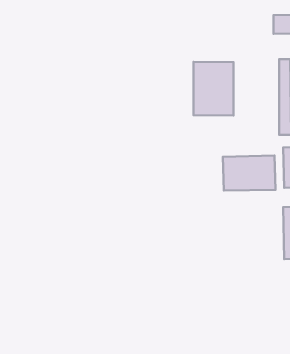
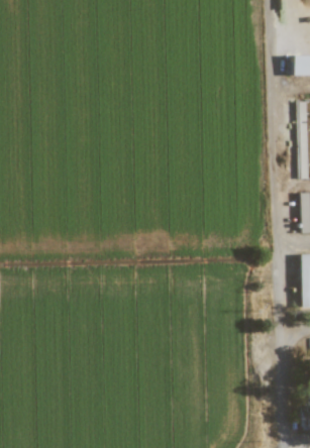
building: [193,62,233,115] -> none
building: [223,156,275,190] -> none

